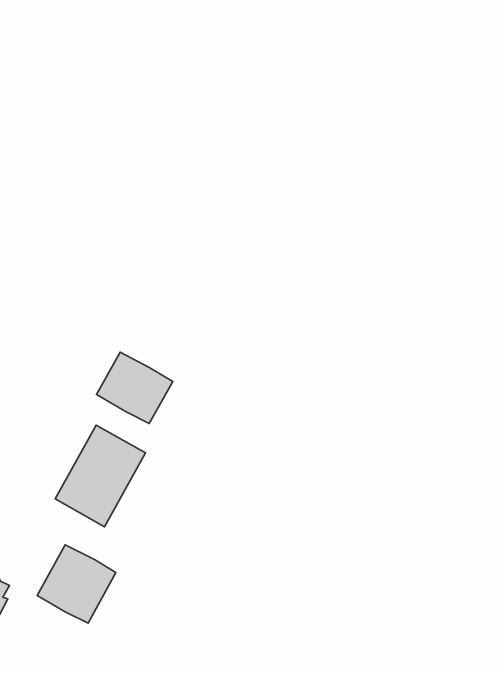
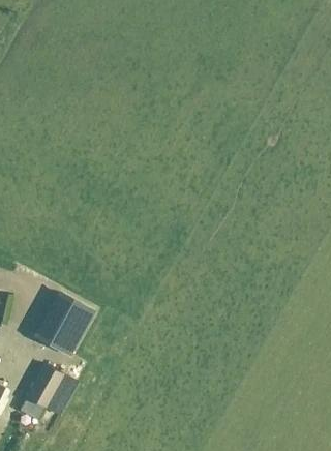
building: [97,352,173,424] -> none

